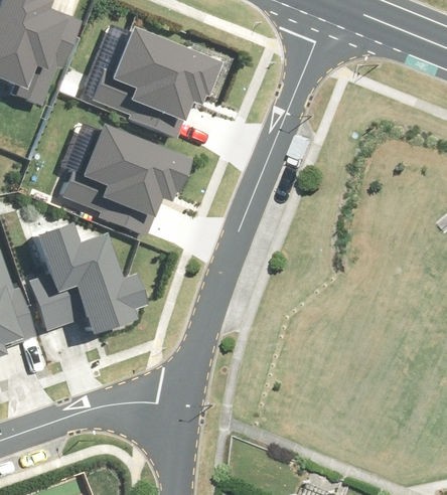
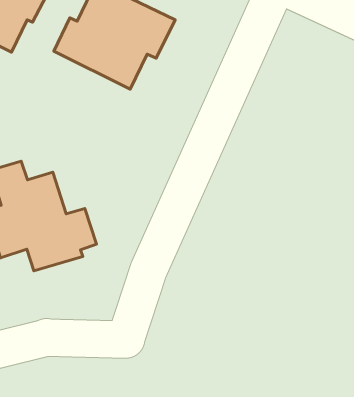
building: [59,121,189,235] -> none

